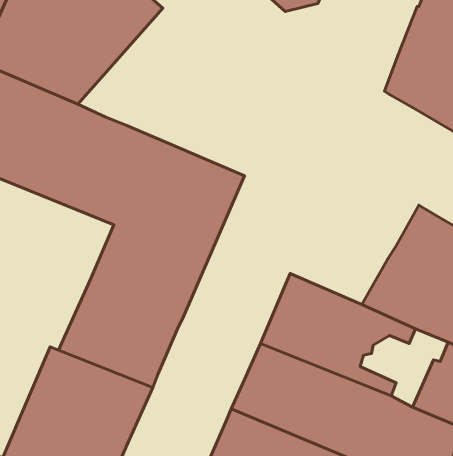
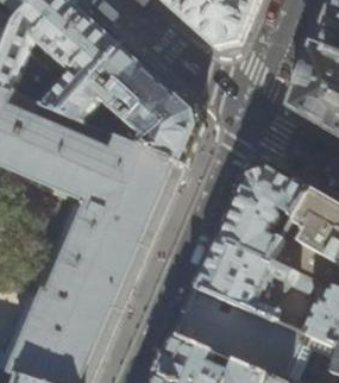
building: none -> [58,44,196,167]
building: none -> [213,164,307,260]

